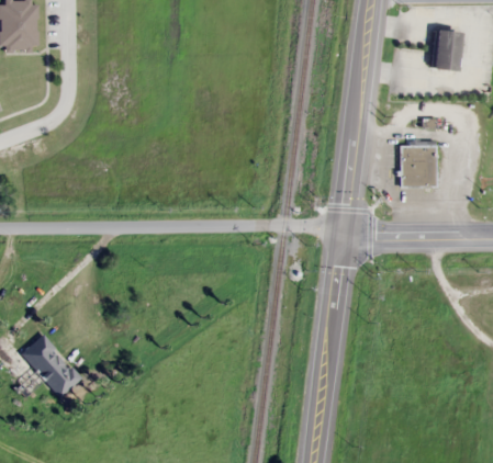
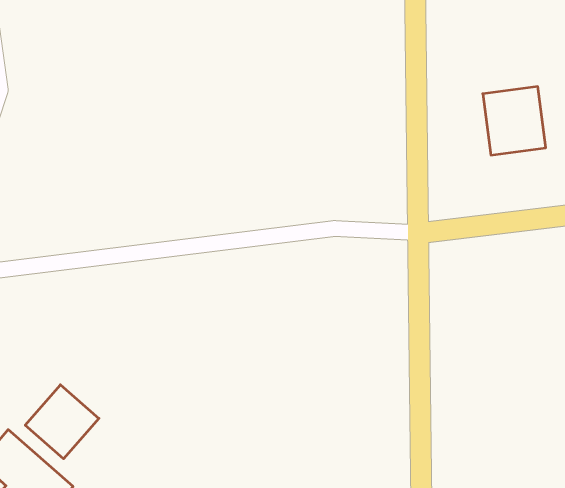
building: none -> [25,385,99,459]

